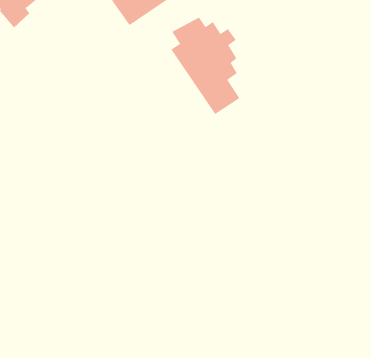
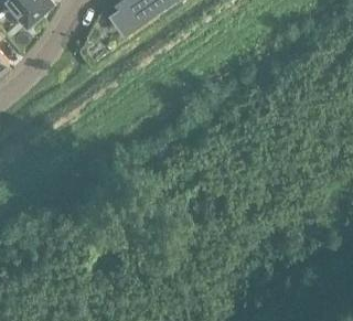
building: [170,17,240,115] -> none

